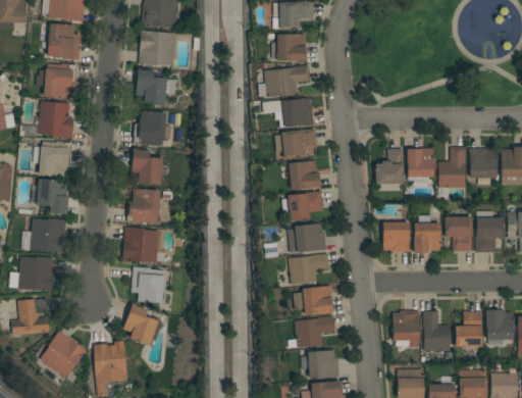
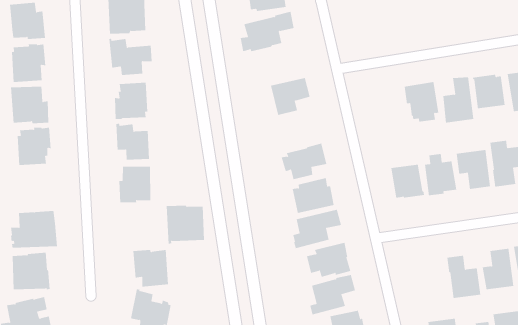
building: [263,98,315,128] -> none
building: [376,150,404,185] -> none
building: [289,160,321,191] -> none
building: [32,180,69,214] -> none
building: [122,227,160,263] -> [166,205,205,244]
building: [393,311,420,348] -> none

